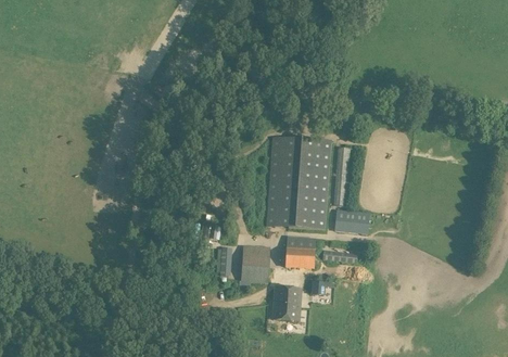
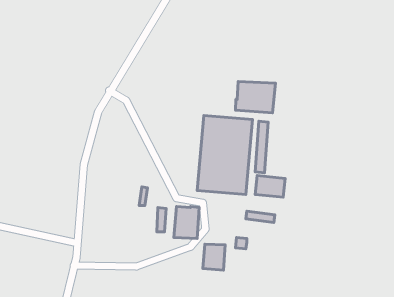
building: none -> [236,82,275,113]
building: [284,234,315,268] -> none

